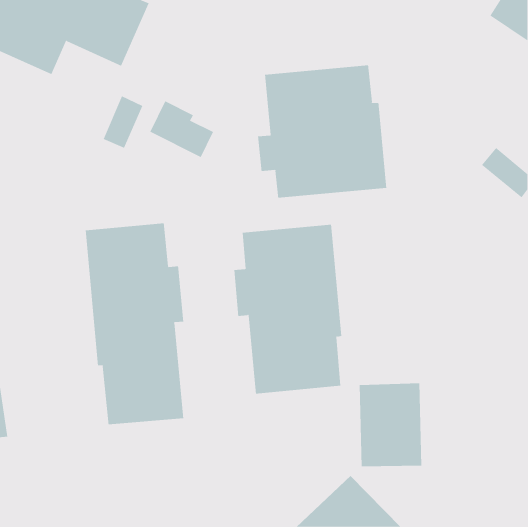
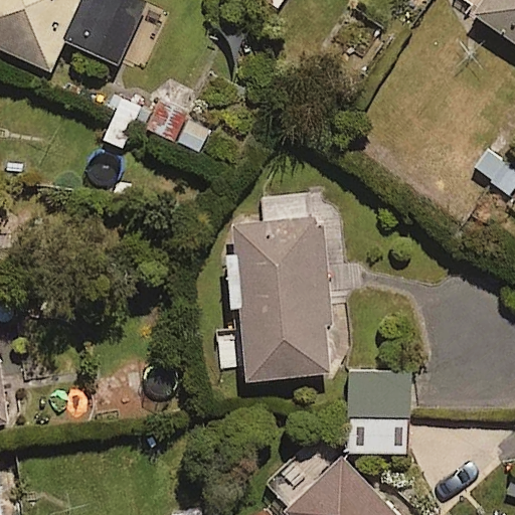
building: [258,65,387,199] -> none
building: [85,222,184,425] -> none

